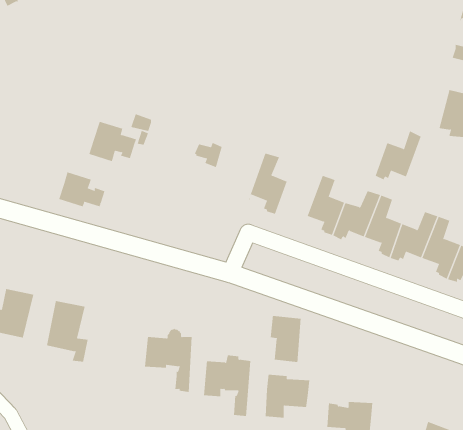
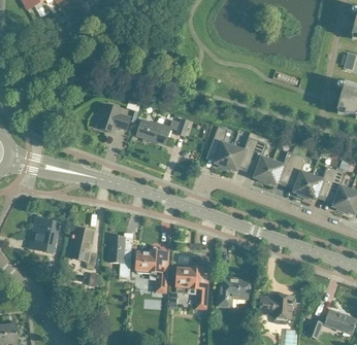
building: [375,130,422,180] -> [225,137,257,171]
building: none -> [137,120,170,144]
building: [58,172,105,207] -> none
building: none -> [107,236,132,279]
building: [266,314,301,363] -> none

